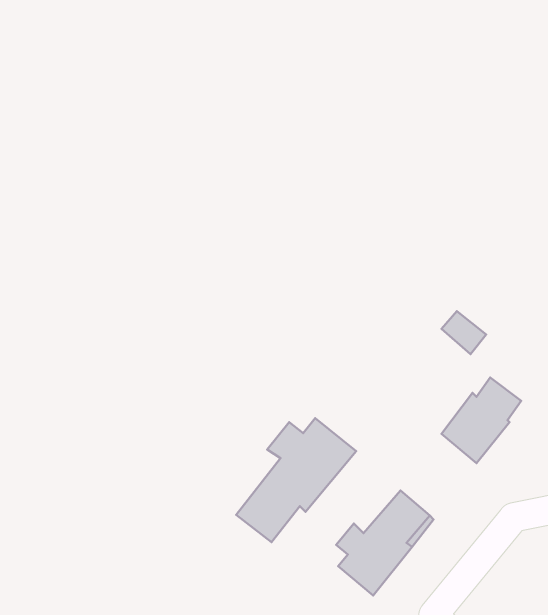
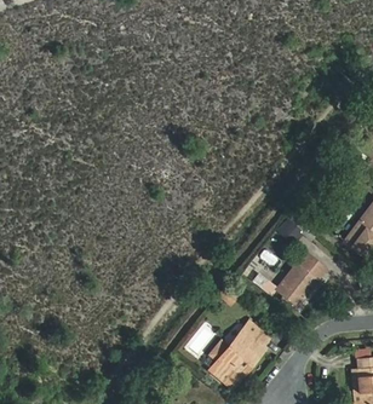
building: [236,418,356,542] -> none

